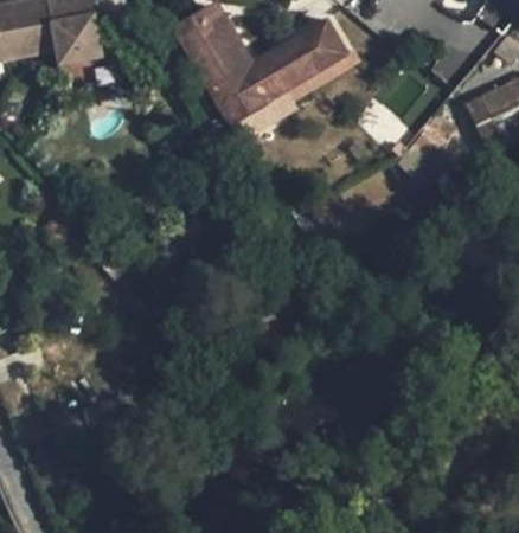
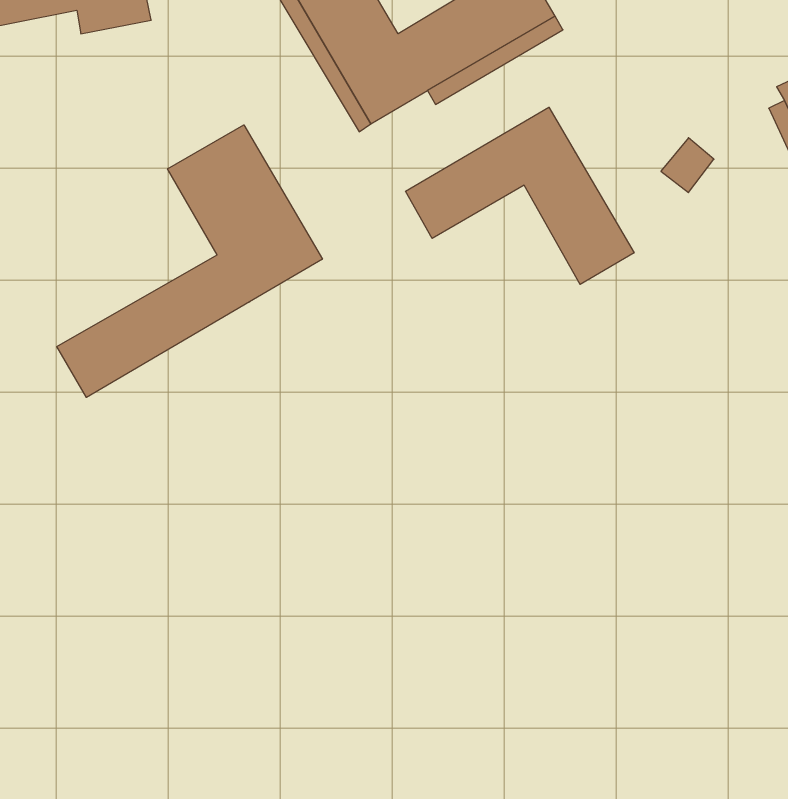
building: none -> [406,107,634,284]
building: none -> [57,125,322,397]

